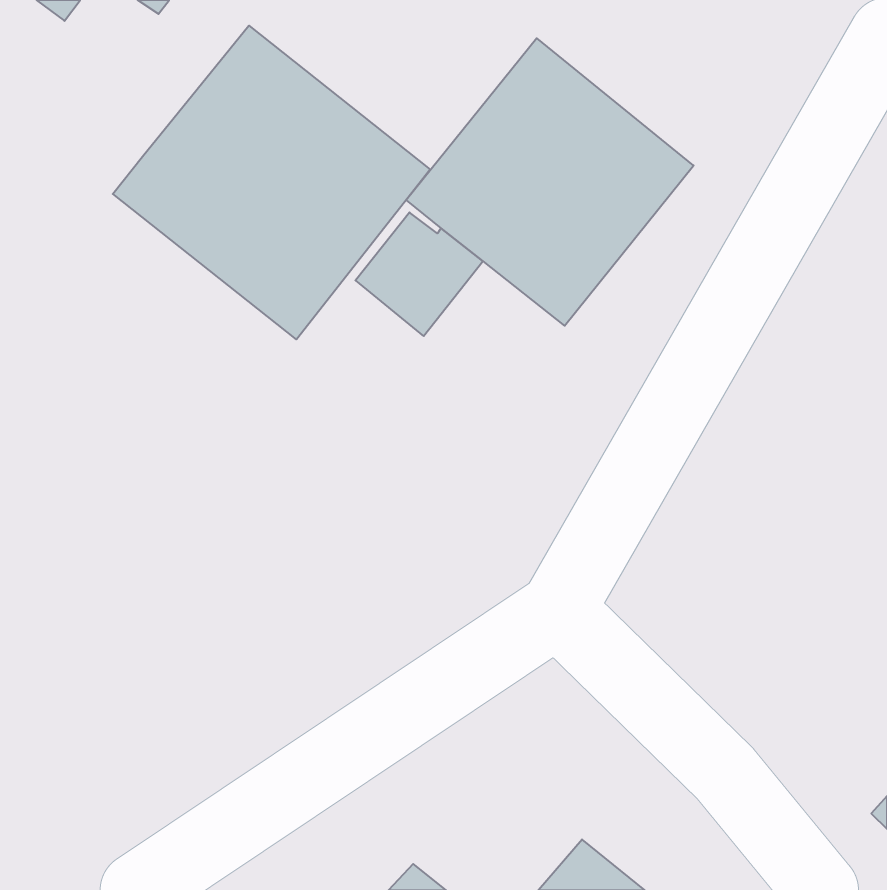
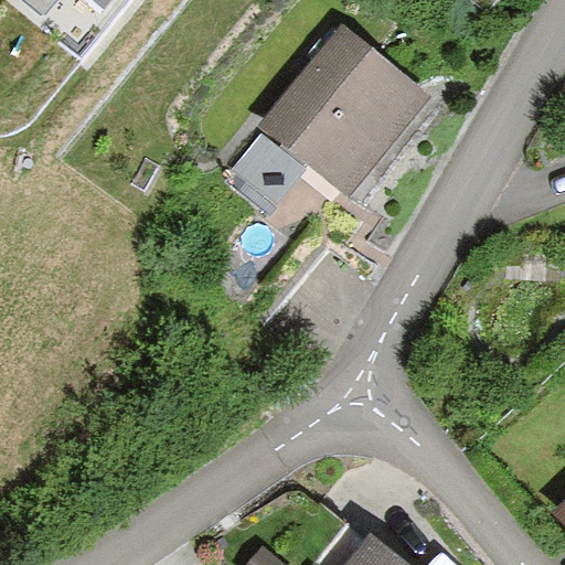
building: [113,26,430,339] -> none

